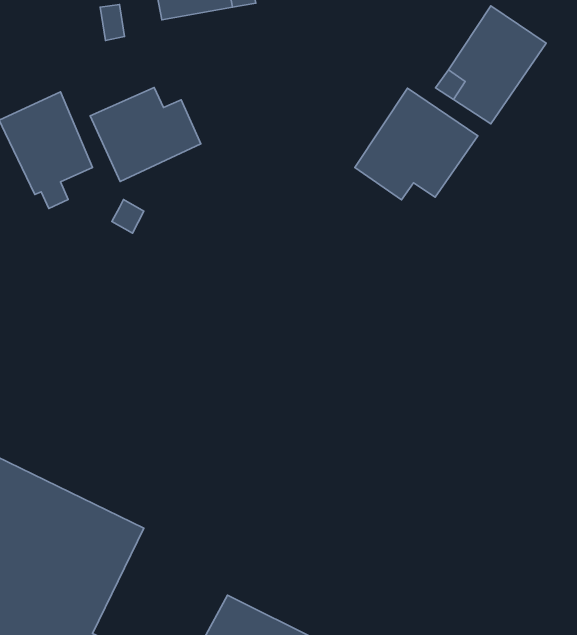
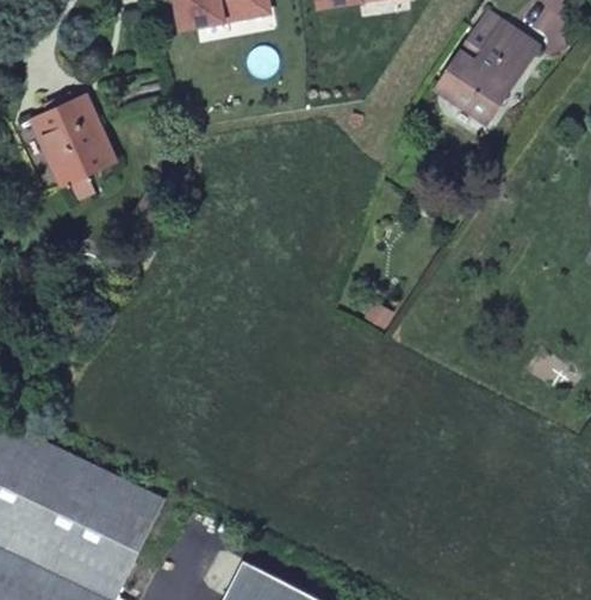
building: [90,88,201,181] -> none
building: [355,88,478,200] -> none

